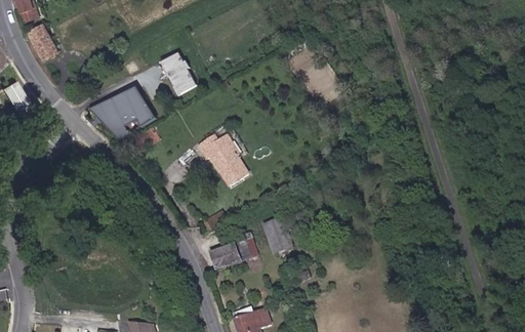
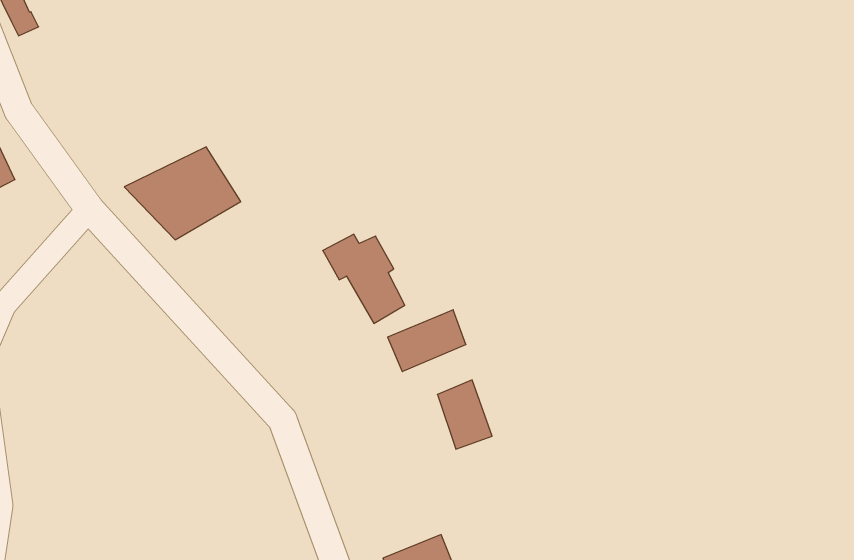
building: [32,29,59,61] -> none
building: [159,51,198,96] -> none
building: [209,237,253,272] -> [388,310,466,372]

